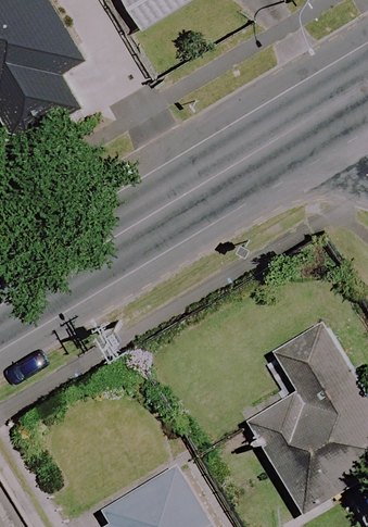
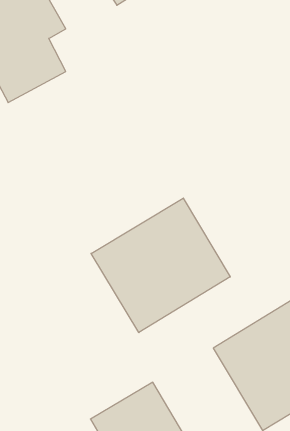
building: none -> [91,198,230,333]

